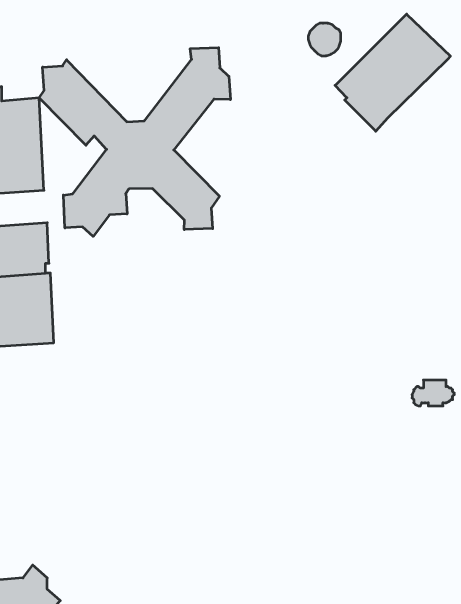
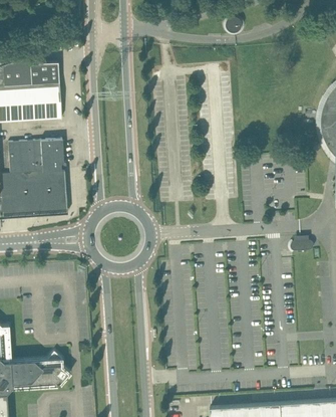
building: [335,14,450,131] -> none
building: [39,48,230,236] -> none

